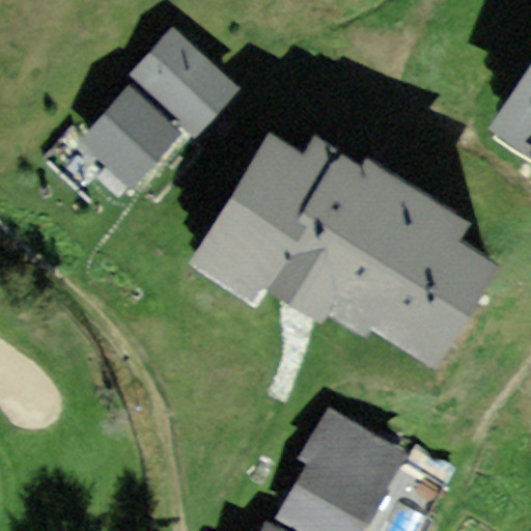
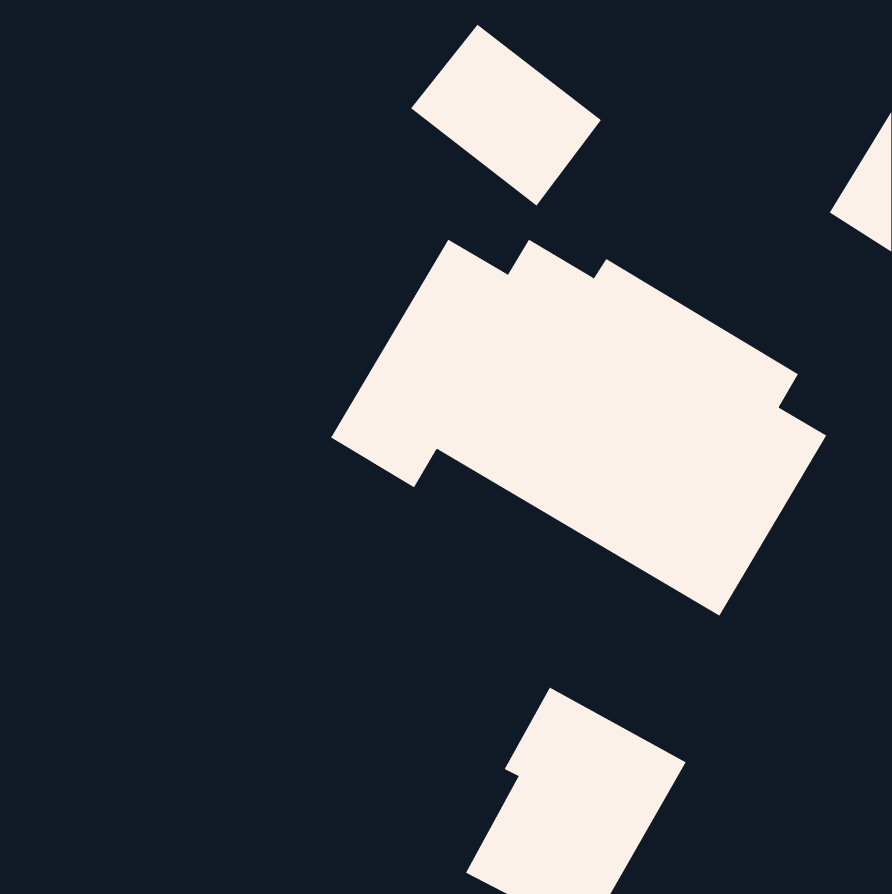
building: [128,29,241,137] -> [410,24,602,206]
building: [81,85,190,193] -> none

